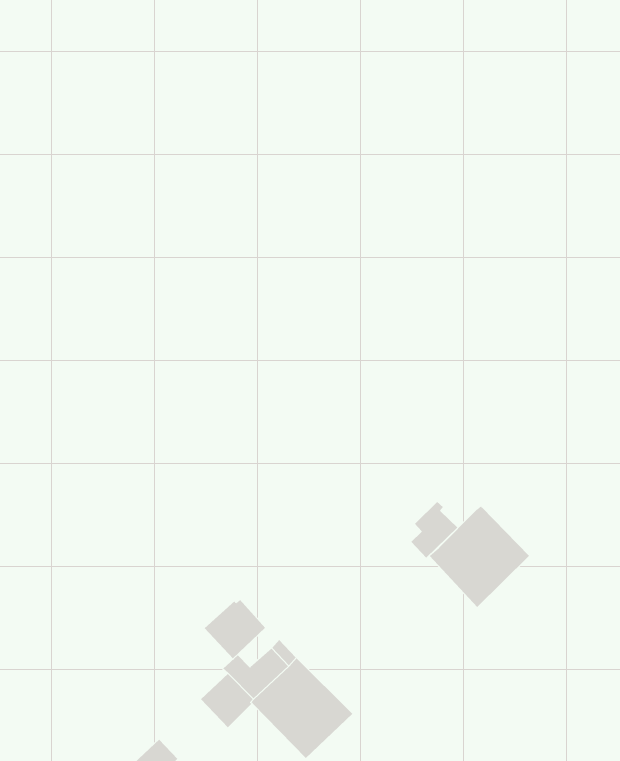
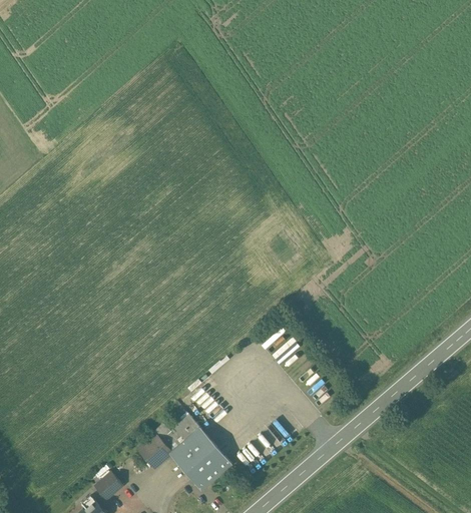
building: [429,505,530,608] -> none
building: [204,599,266,659] -> none

